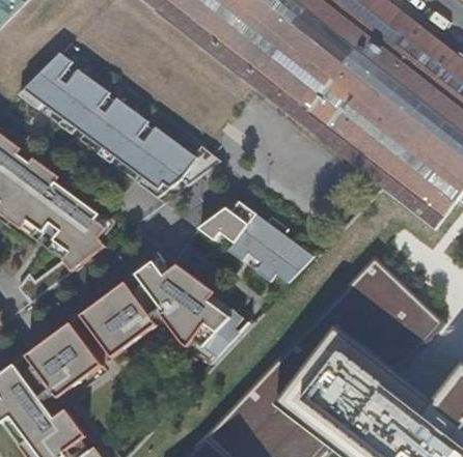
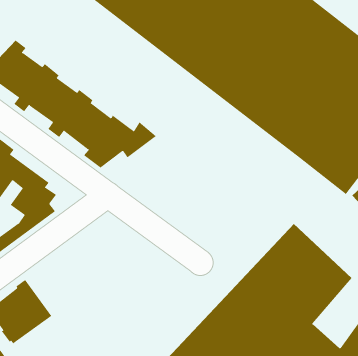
building: [198,200,319,283] -> none
building: [136,261,243,364] -> none
building: [81,285,157,358] -> none

